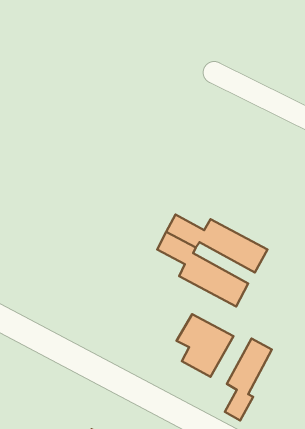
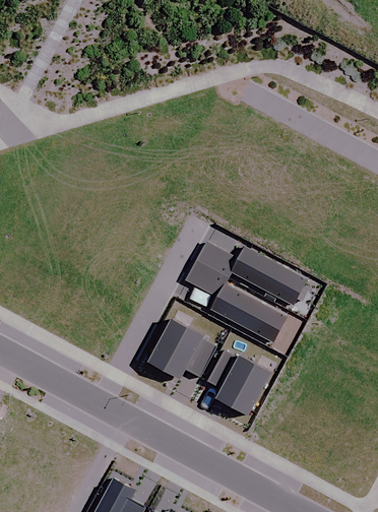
building: none -> [146,321,217,383]
building: [225,338,272,420] -> none

